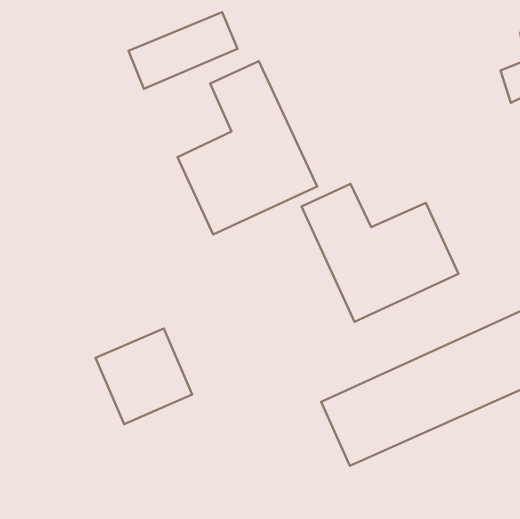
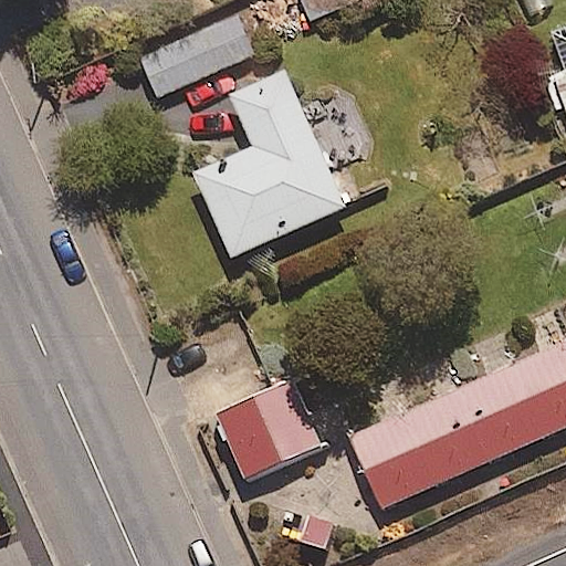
building: [302,184,459,322] -> none
building: [95,328,192,424] -> [217,380,322,484]

